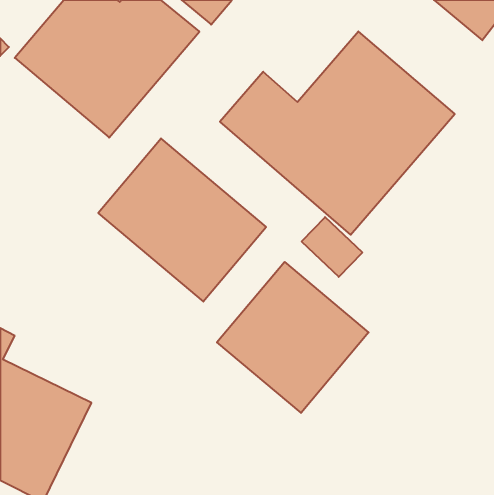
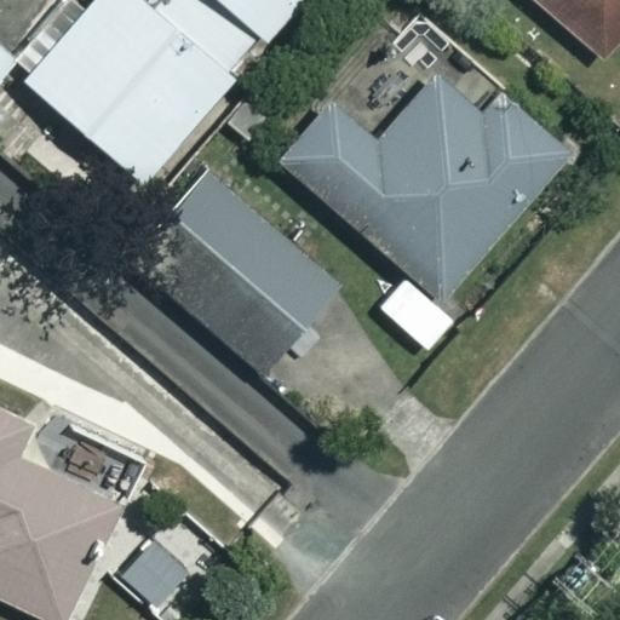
building: [217,262,369,413] -> none

